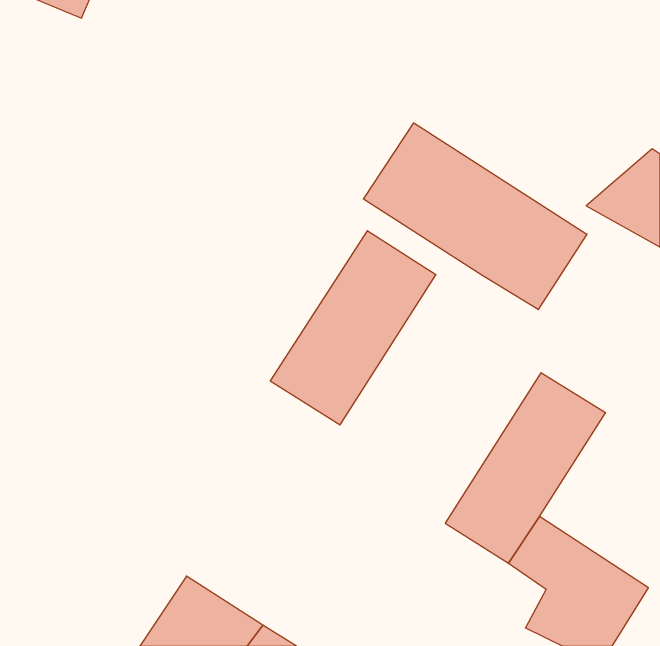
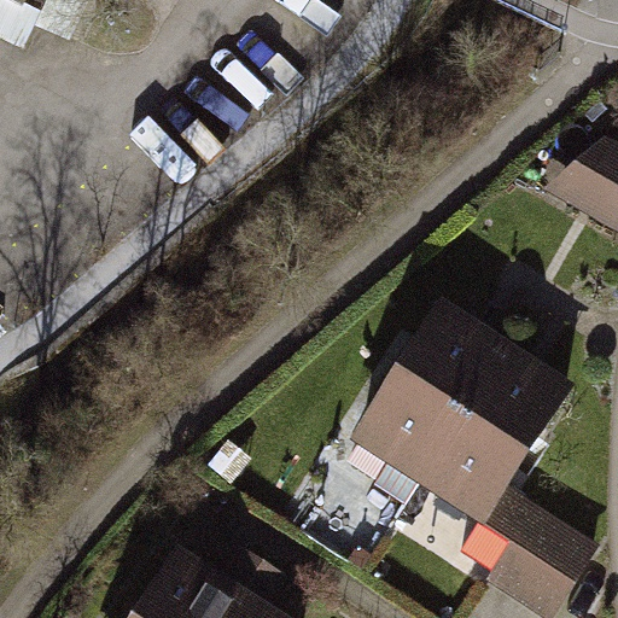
building: [364,123,587,310] -> none
building: [270,231,436,425] -> [350,307,505,488]

